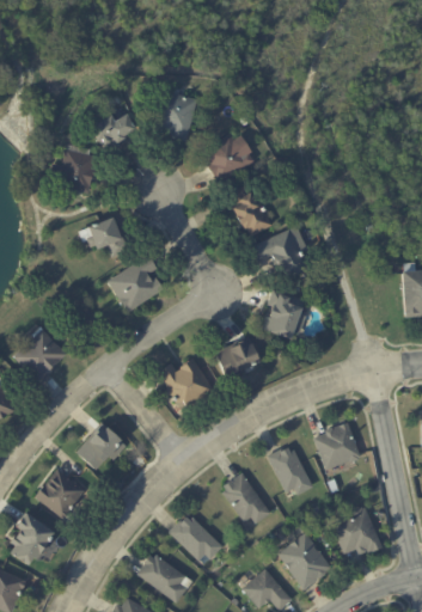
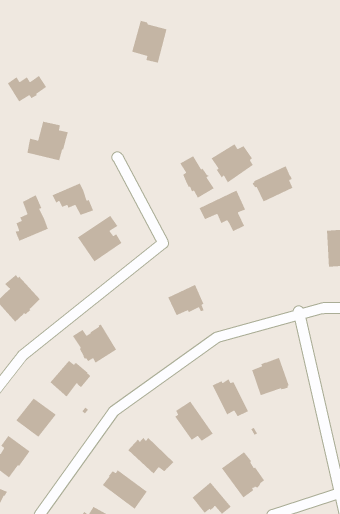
building: [154,88,197,140] -> [131,20,168,63]
building: [88,112,136,145] -> [7,75,47,102]
building: [202,133,253,180] -> [210,143,254,184]
building: none -> [252,165,293,203]
building: none -> [14,194,49,242]
building: [263,289,306,338] -> none
building: [159,357,213,404] -> [72,324,117,363]
building: [332,507,383,553] -> none

